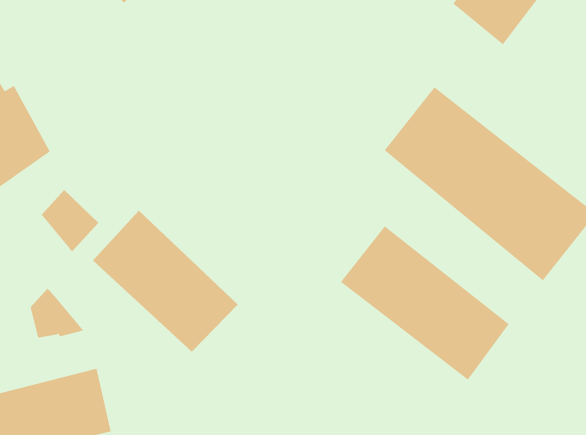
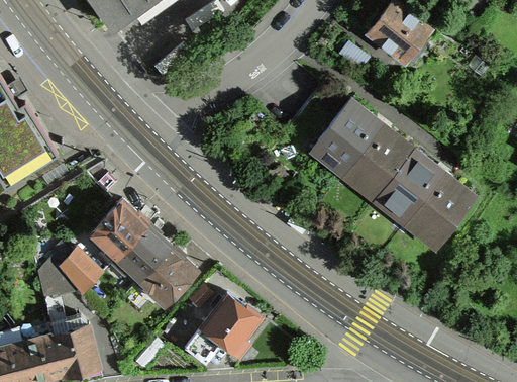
building: [41,189,99,253] -> [58,246,103,295]
building: [340,226,510,380] -> none
building: none -> [185,288,263,363]

